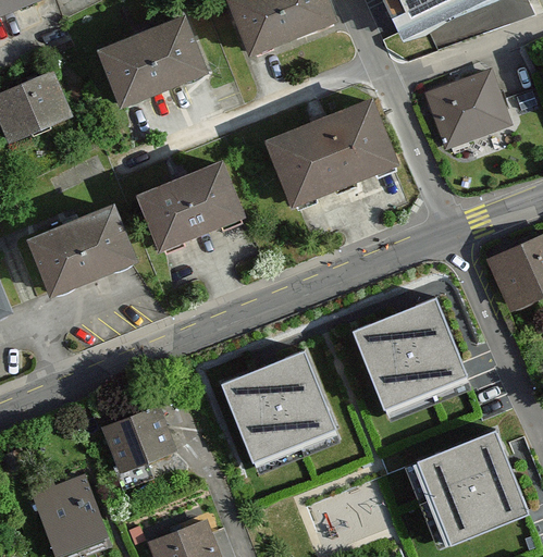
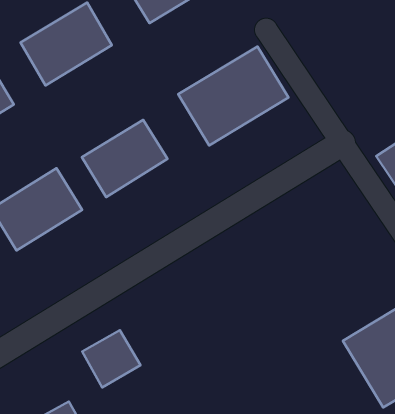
building: [427,75,511,152] -> none
building: [349,295,466,410] -> none
building: [221,346,338,461] -> none

